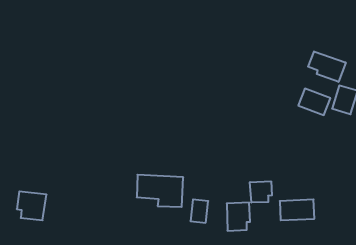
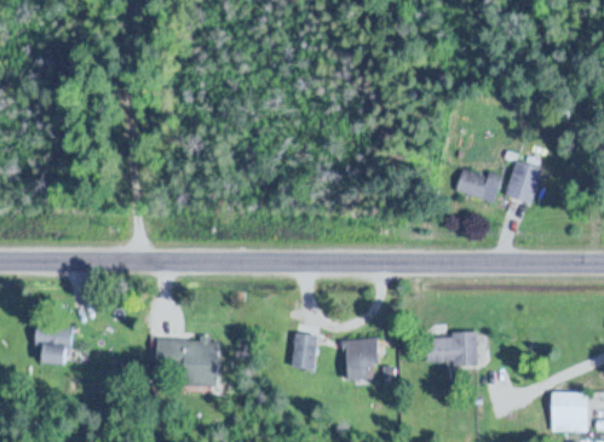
building: [308,51,346,82] -> none
building: [137,175,183,207] -> [153,337,223,385]
building: [250,181,272,203] -> none

